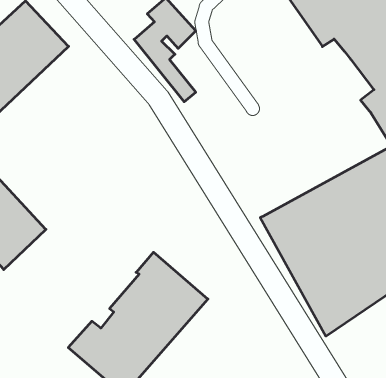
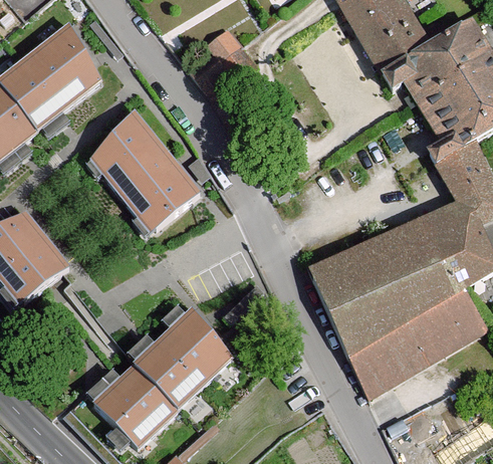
building: none -> [90,108,210,230]

